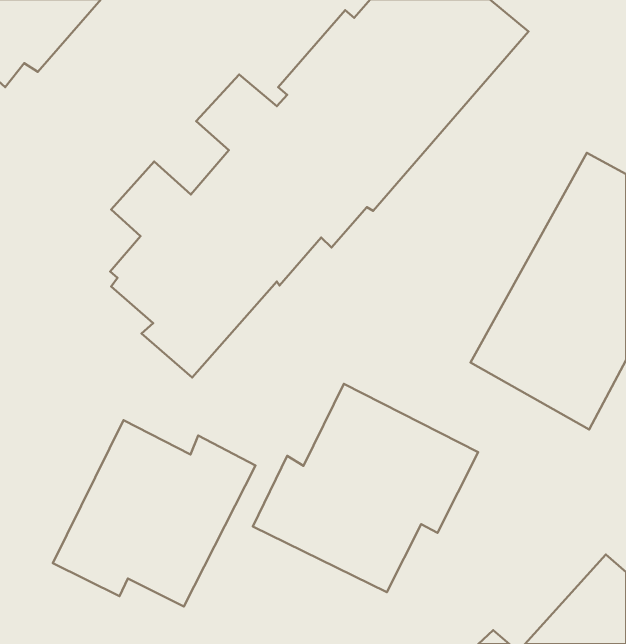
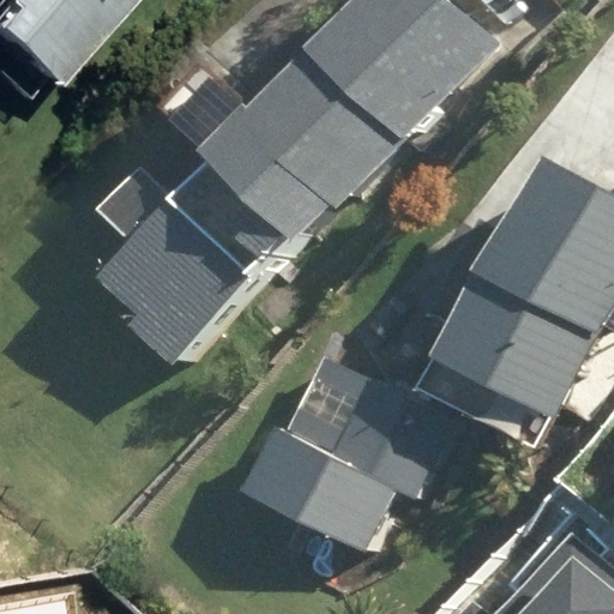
building: [53,420,255,606] -> none

